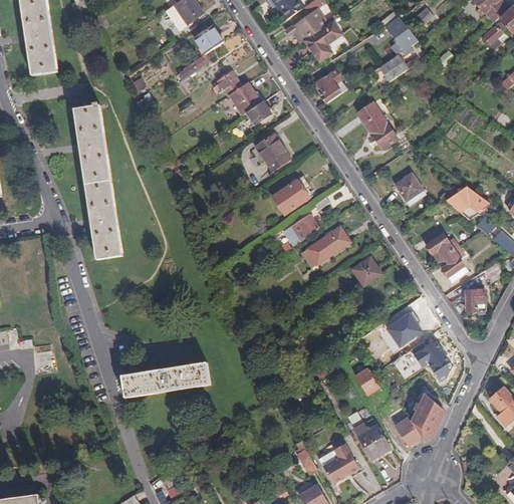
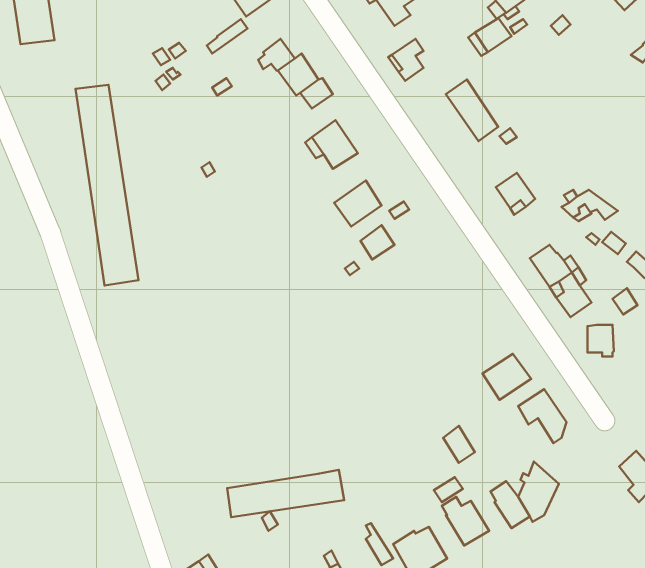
building: [301,225,350,267] -> none
building: [352,256,381,284] -> none
building: [121,361,211,398] -> [227,470,344,517]

